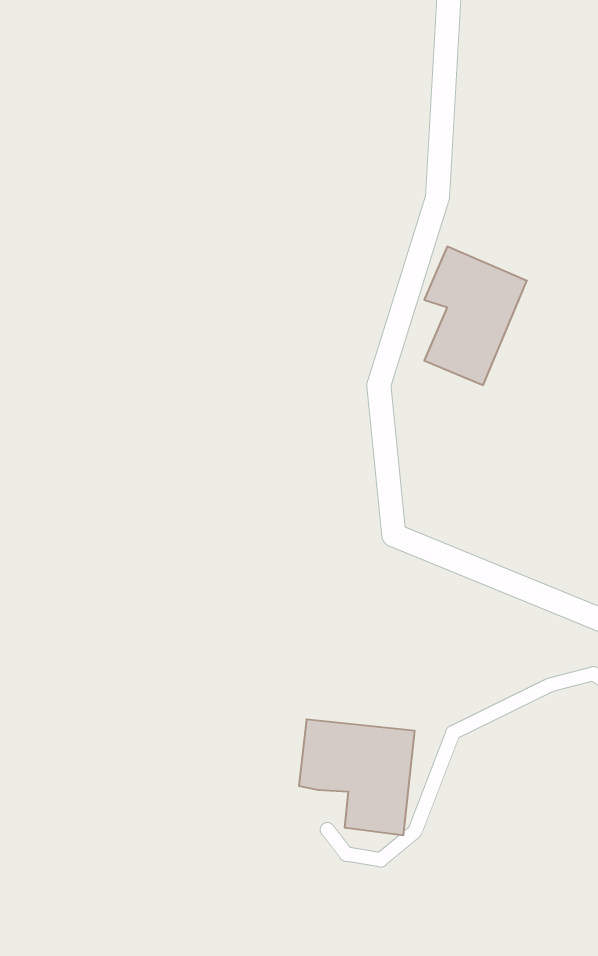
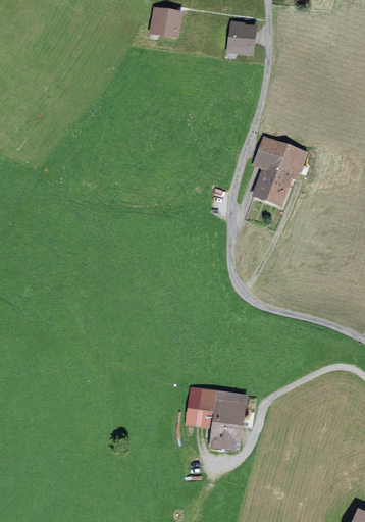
building: none -> [149,7,182,38]
building: none -> [228,20,260,55]

